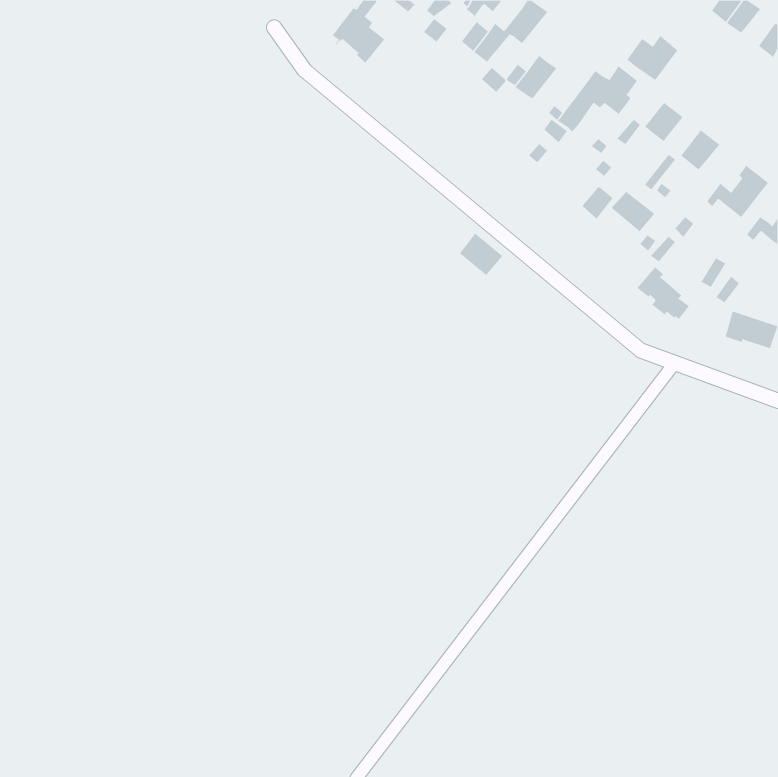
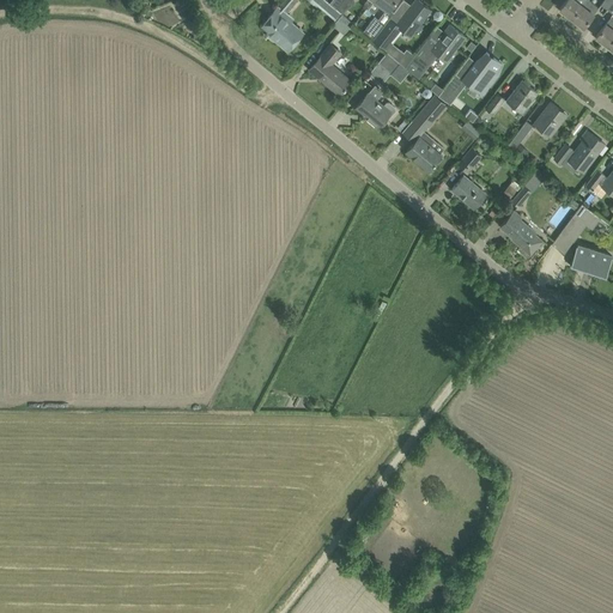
building: [627,35,678,81] -> [424,25,465,61]
building: none -> [310,45,350,95]
building: none -> [356,90,395,127]
building: [611,191,655,232] -> [451,176,486,208]
building: [459,233,503,276] -> [407,136,442,170]

